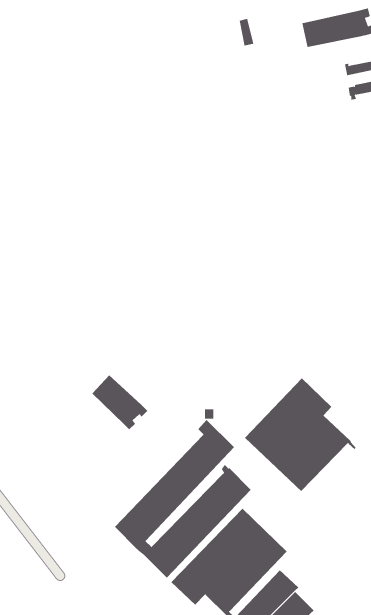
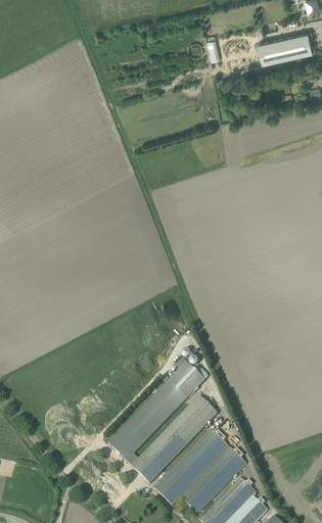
building: [91,375,148,430] -> none
building: [244,378,357,492] -> none

